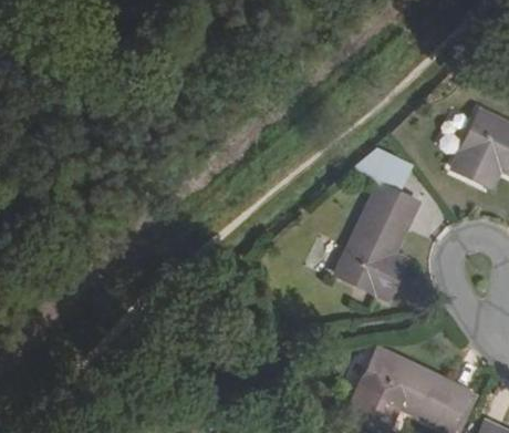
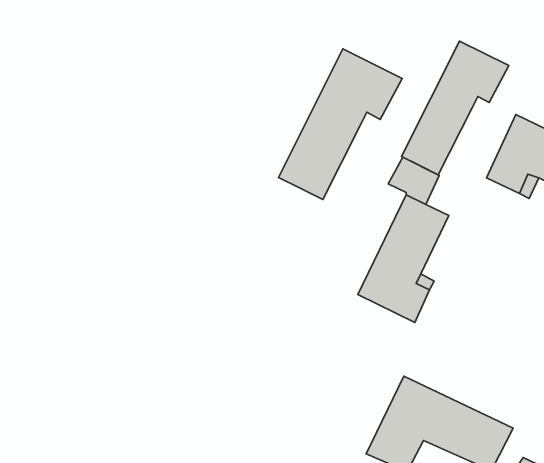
building: none -> [402,41,509,175]
building: none -> [278,49,402,200]

